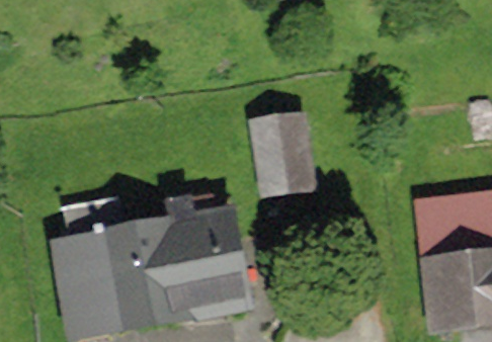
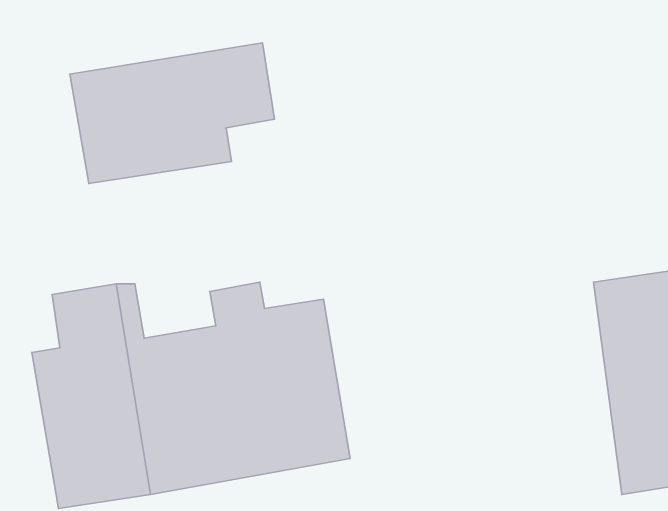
building: none -> [70,43,274,183]
building: [249,107,314,193] -> none

